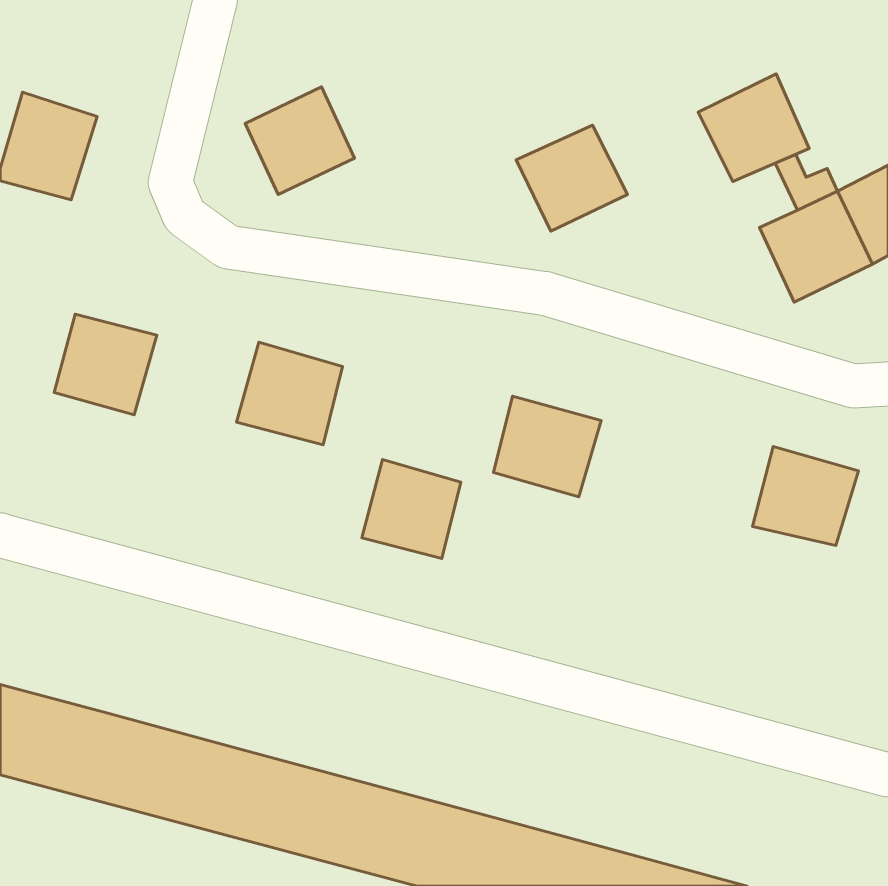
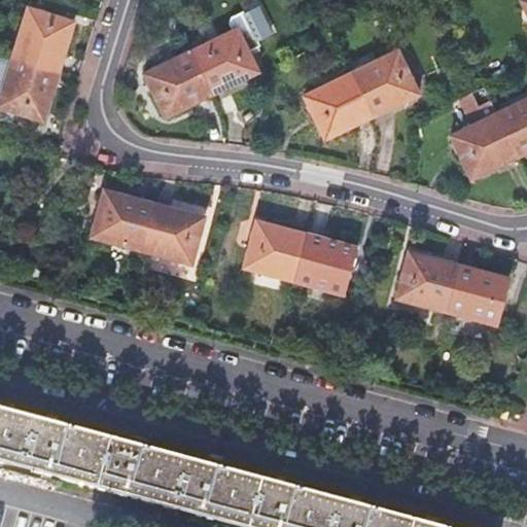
building: none -> [13,7,72,69]
building: none -> [190,9,273,94]
building: [698,74,809,182] -> [351,51,417,115]
building: [54,314,157,415] -> [93,190,153,250]
building: none -> [397,251,458,312]
building: [362,460,461,559] -> [245,221,304,280]

